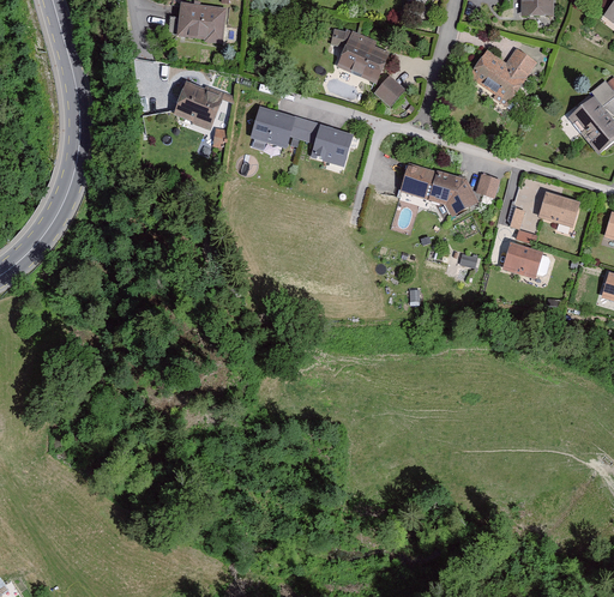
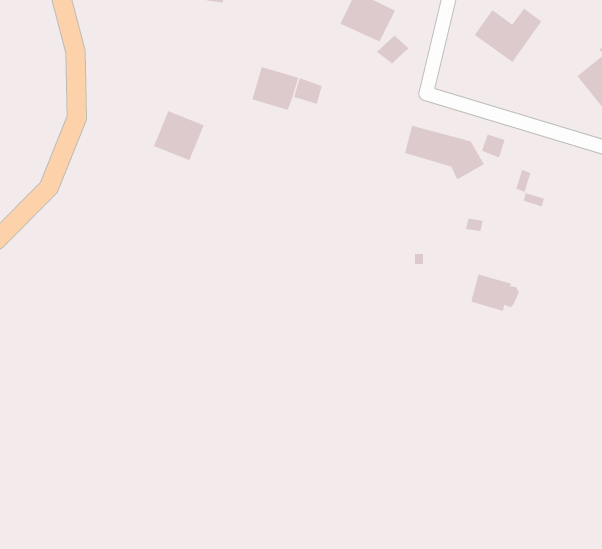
building: [173,78,223,127] -> [153,111,205,161]
building: [309,125,353,167] -> none
building: [537,192,580,228] -> none
building: [502,242,550,279] -> [470,274,519,312]

